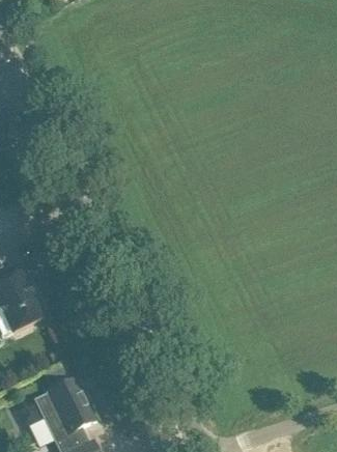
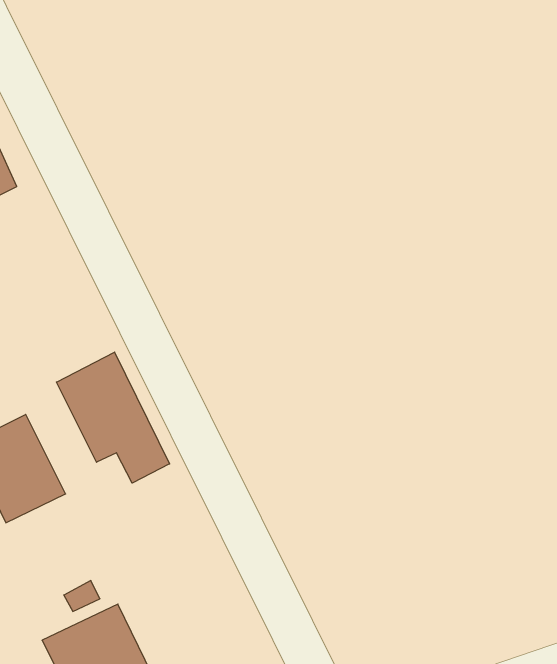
building: none -> [56,352,170,483]

